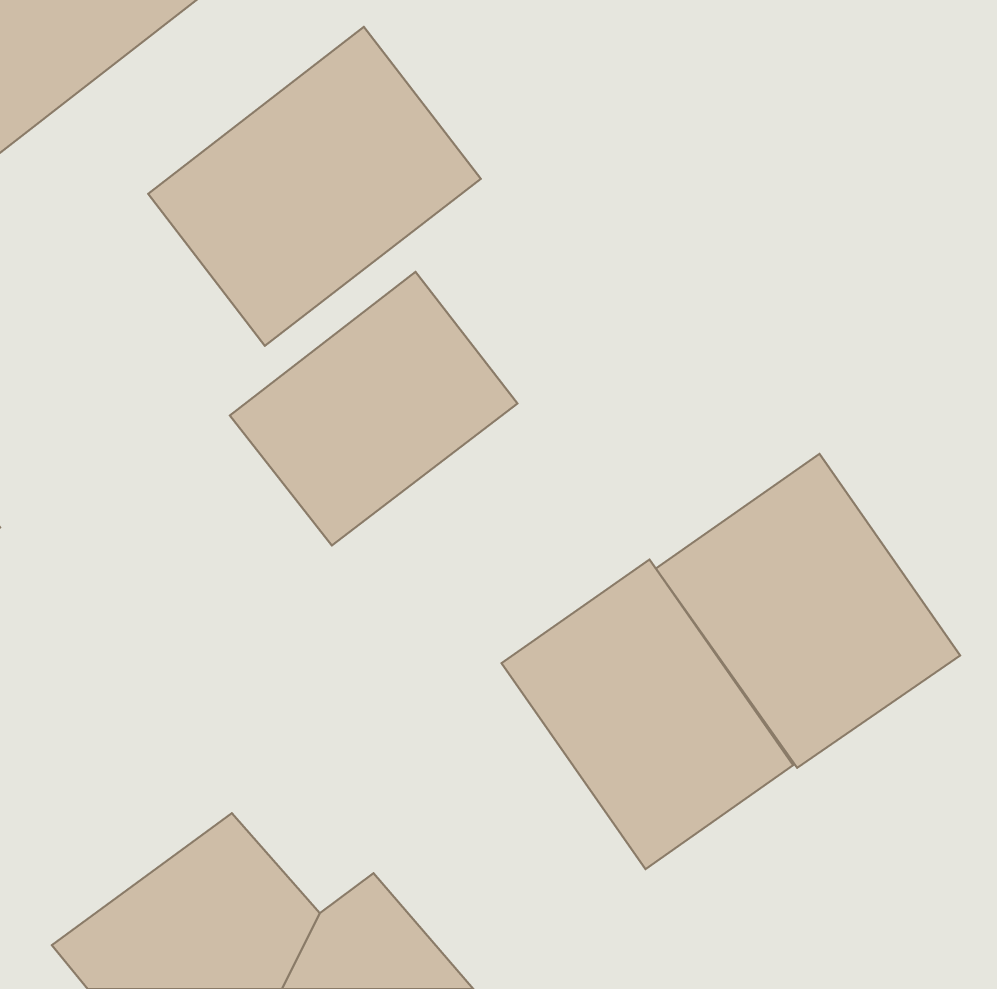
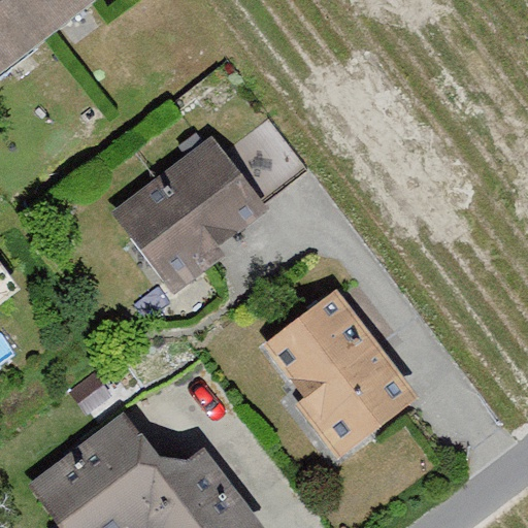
building: [148,27,481,346] -> none
building: [656,454,960,768] -> none

